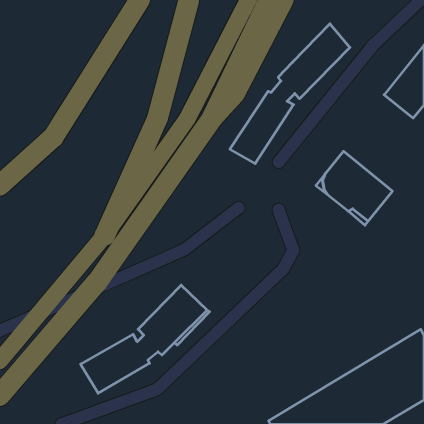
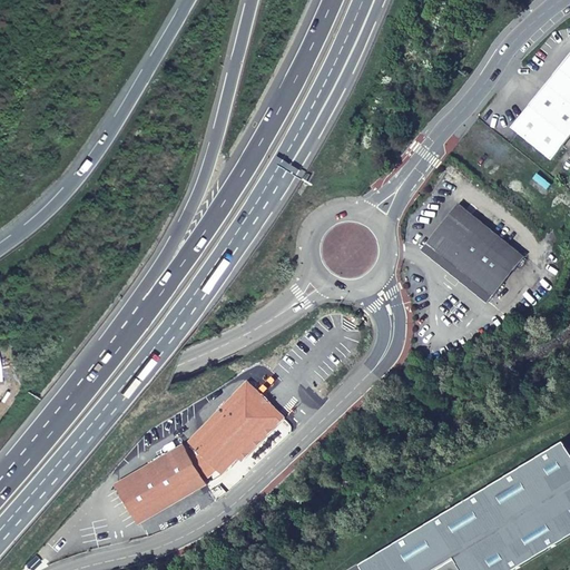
building: [230,24,350,164] -> none

